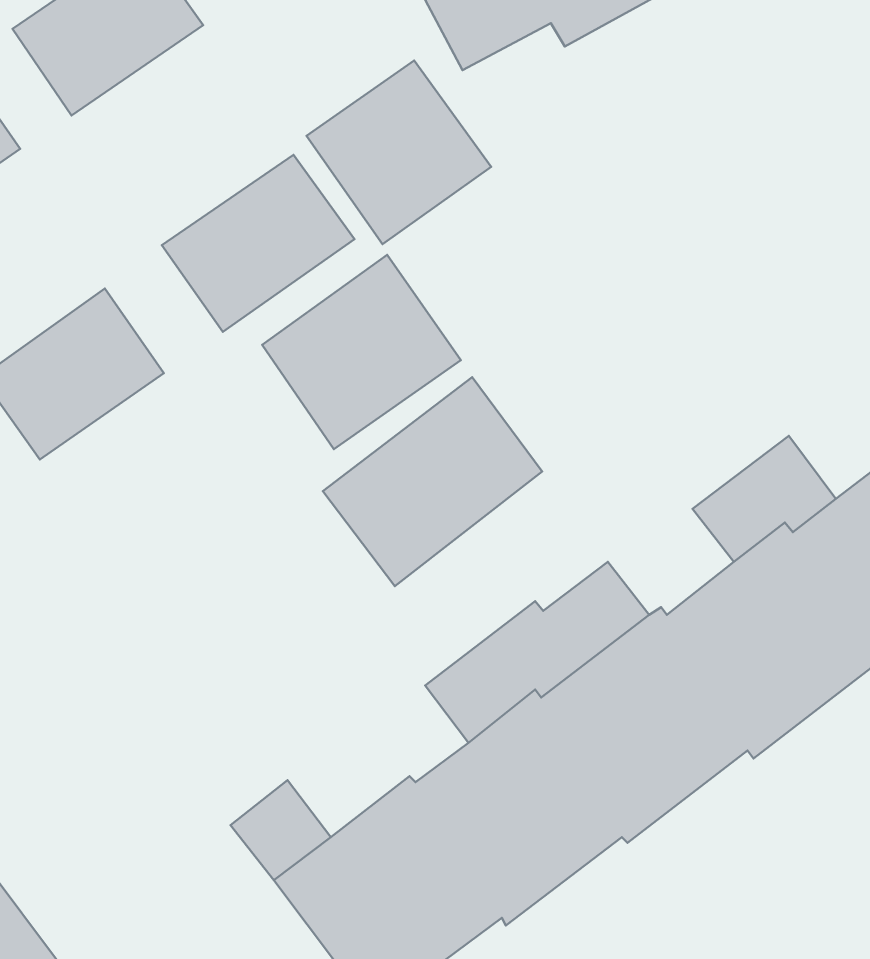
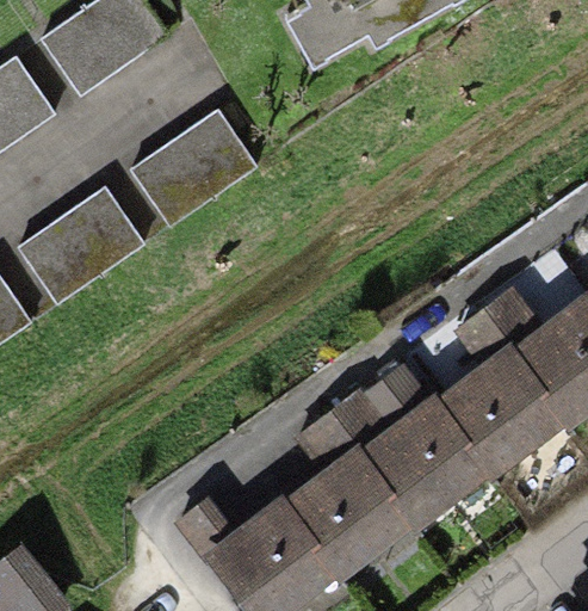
building: [307,60,491,244] -> none
building: [262,255,461,449] -> none
building: [323,377,542,586] -> none

